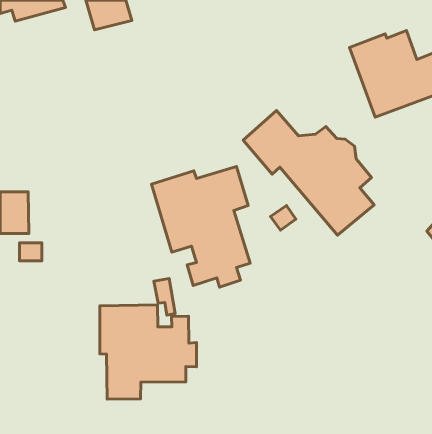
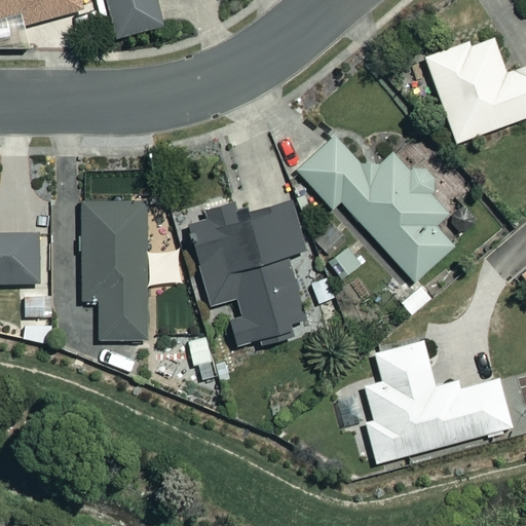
building: none -> [81,202,147,339]
building: none -> [365,340,512,462]
building: [100,305,197,399] -> none

